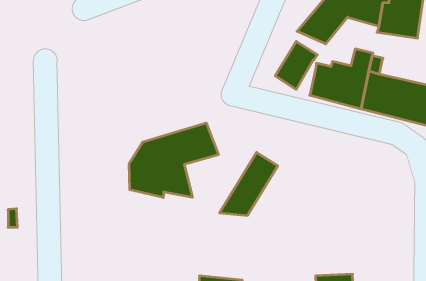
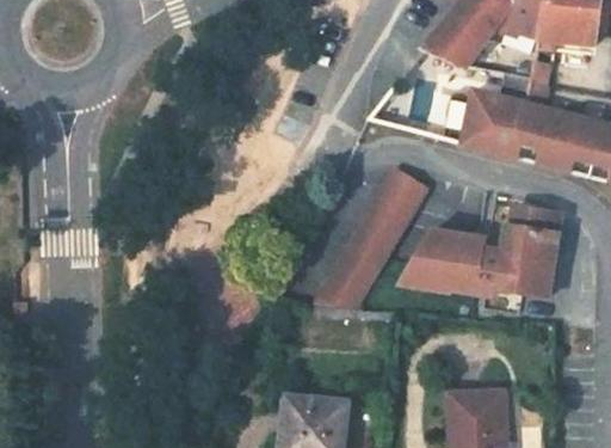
building: [275,41,317,89] -> [368,171,427,239]
building: [129,123,218,198] -> none
building: none -> [399,204,561,294]

